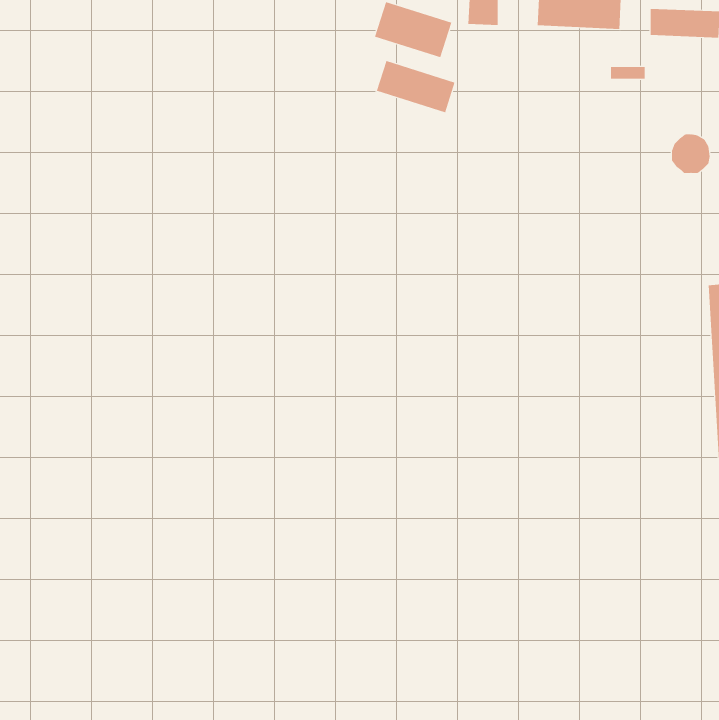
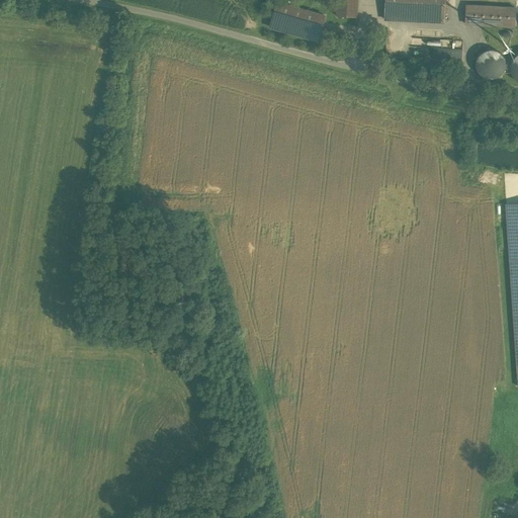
building: [376,60,455,113] -> none
building: [671,134,711,173] -> [478,46,506,74]

